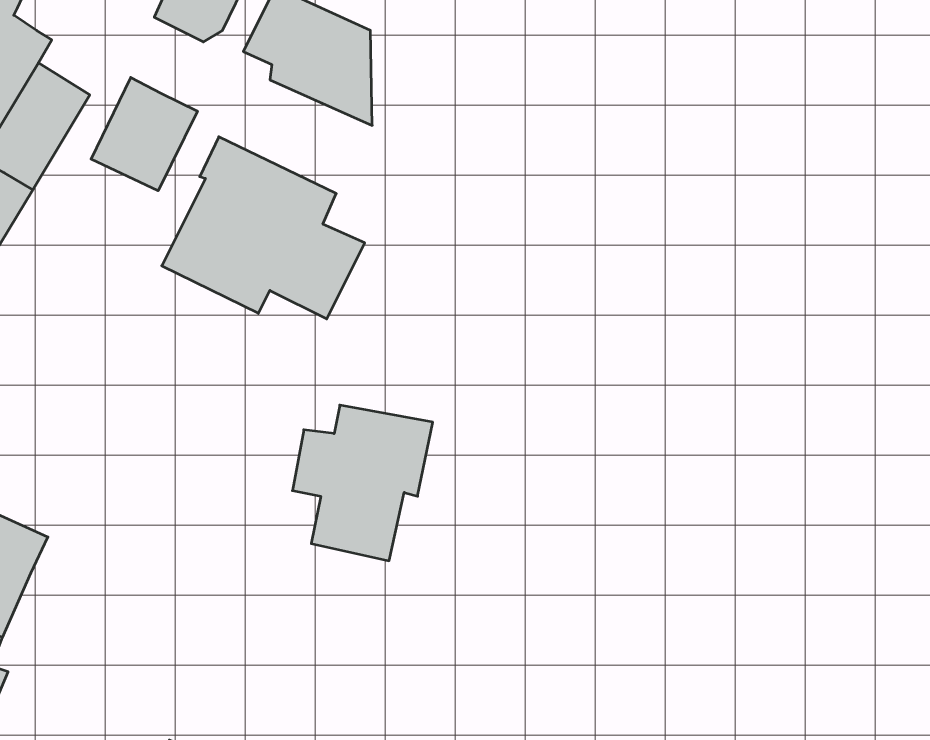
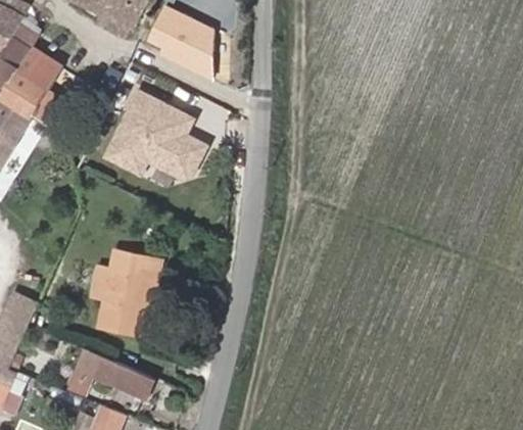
building: [91,77,197,191] -> none
building: [292,405,433,561] -> [89,251,164,335]
building: none -> [64,342,157,400]

